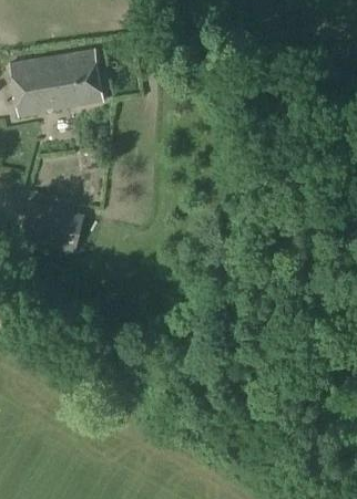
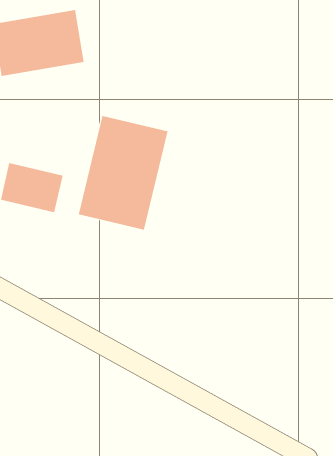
building: none -> [78,115,168,230]

